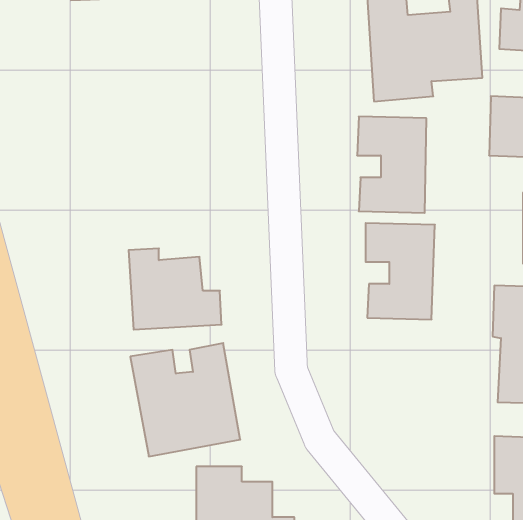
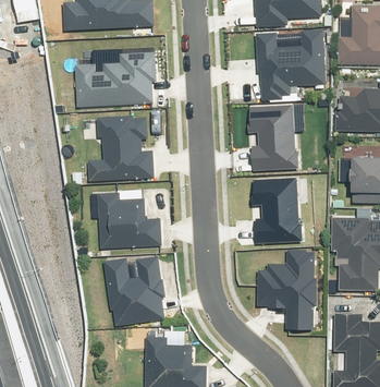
building: none -> [78,57,154,105]
building: none -> [87,116,152,180]
building: none -> [255,249,315,326]

